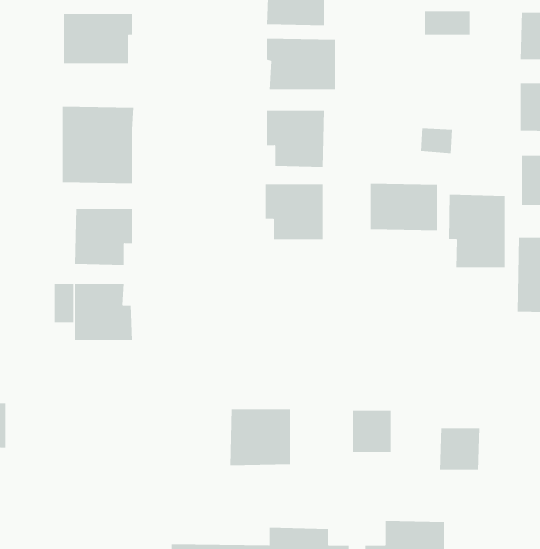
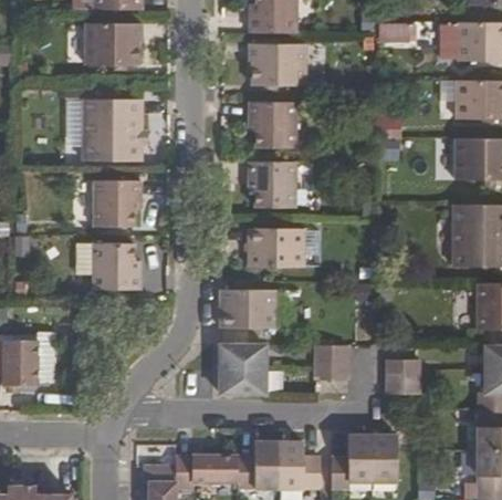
building: [370,183,438,231] -> [248,232,303,271]
building: [448,194,505,268] -> none
building: none -> [220,290,275,329]

